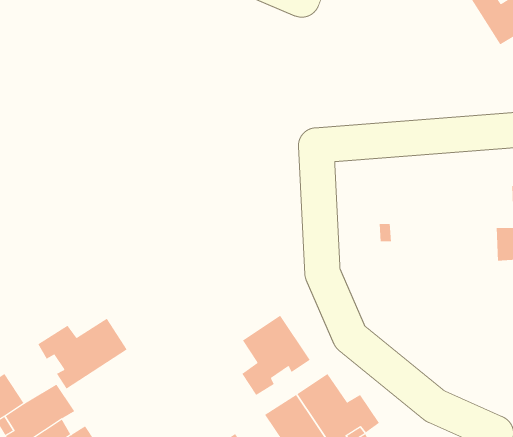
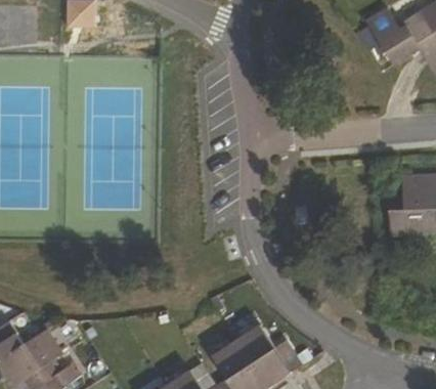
building: [242,315,310,396] -> none
building: [37,318,128,389] -> none

